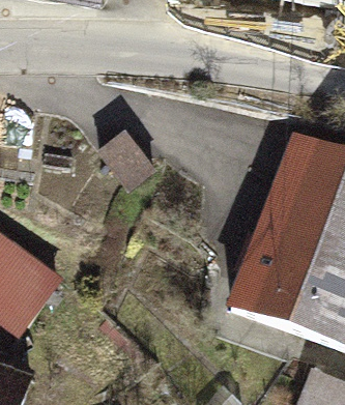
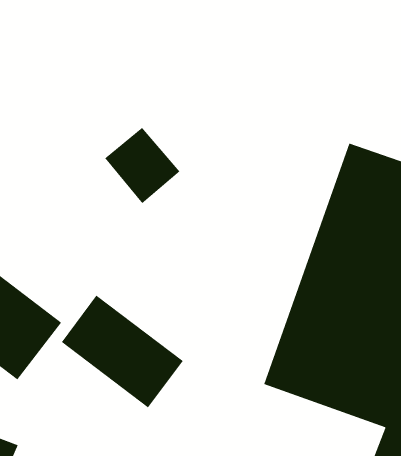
building: none -> [61,295,184,409]

